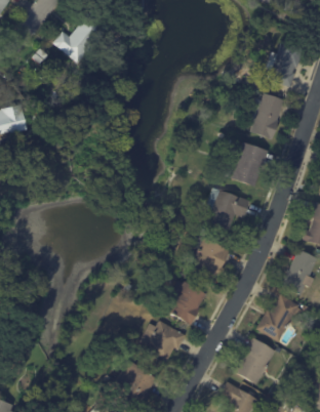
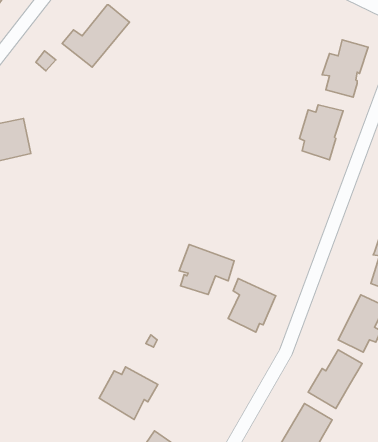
building: [225,140,269,186] -> none
building: [206,187,251,228] -> [179,244,234,294]
building: [163,280,207,324] -> none
building: [137,320,186,363] -> [99,367,158,419]

